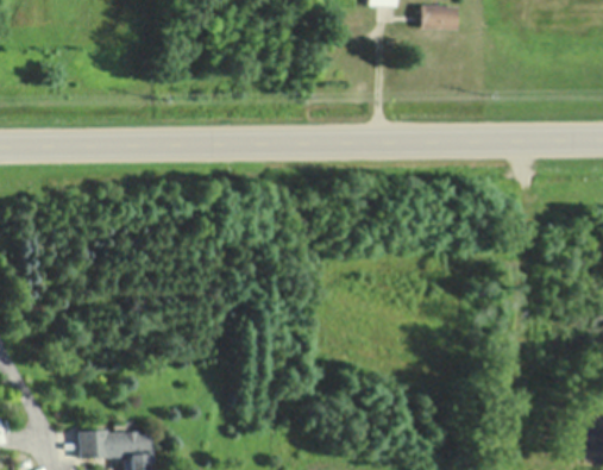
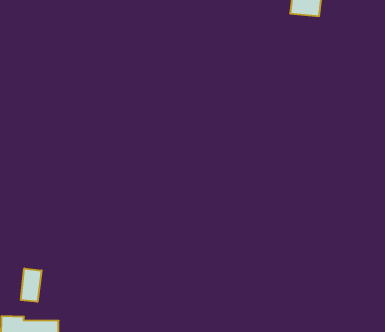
building: none -> [21,268,42,302]

